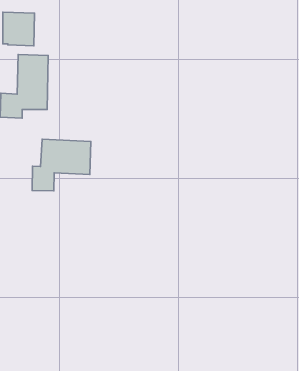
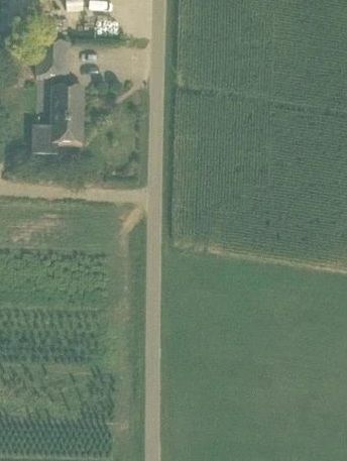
building: [32,139,91,191] -> none

